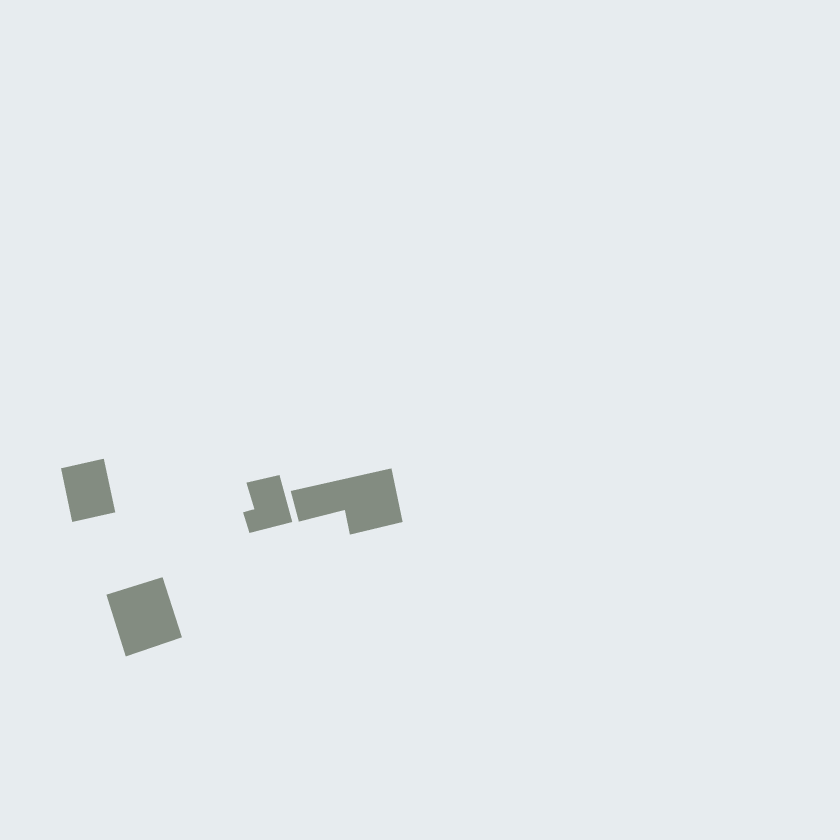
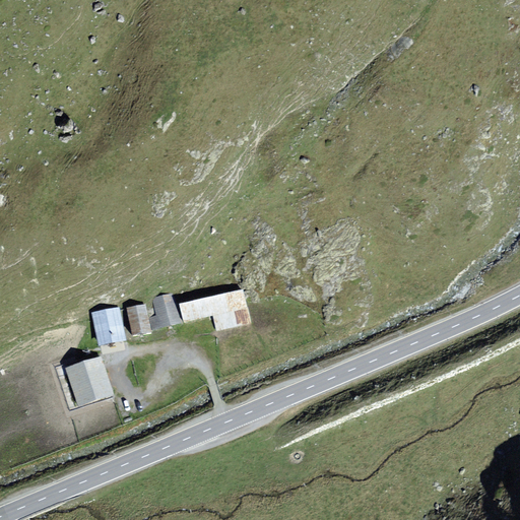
building: [60,458,116,522] -> [90,306,125,345]
building: none -> [126,303,150,335]

